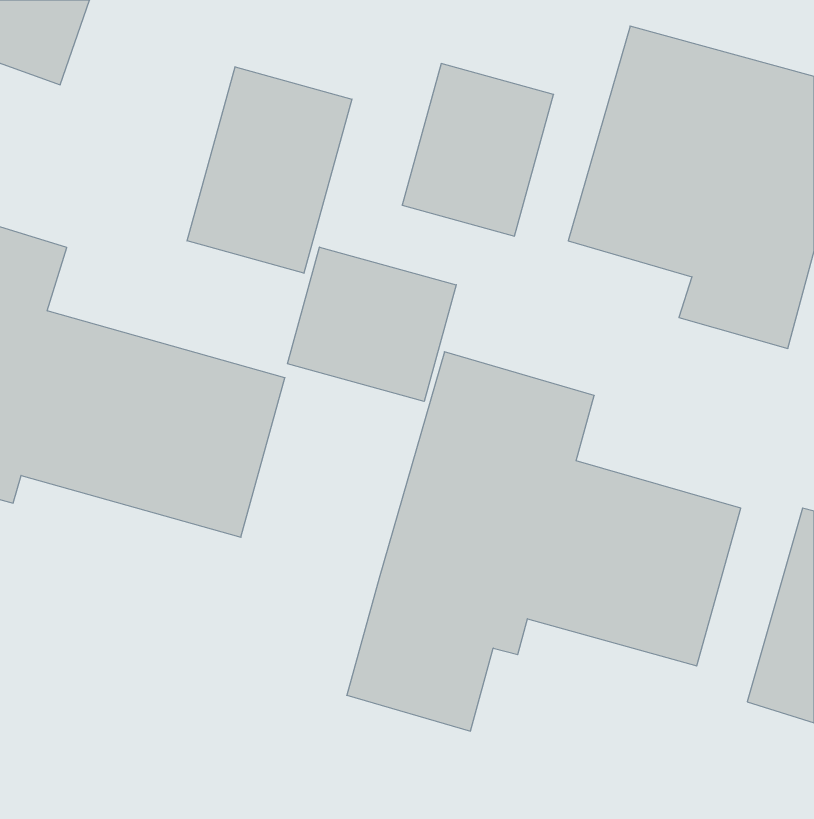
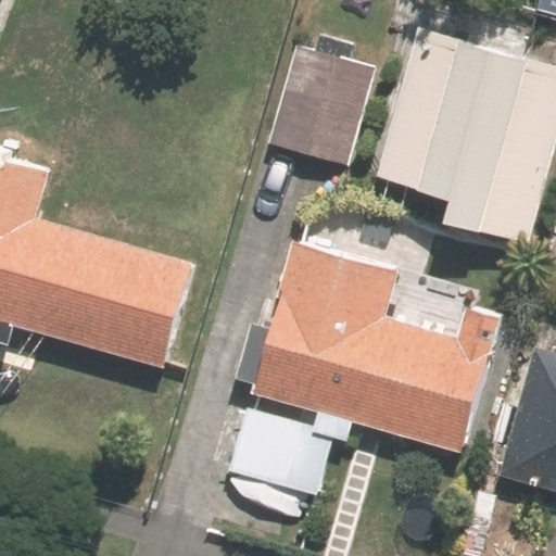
building: [187,67,352,273] -> none
building: [287,247,456,401] -> none

